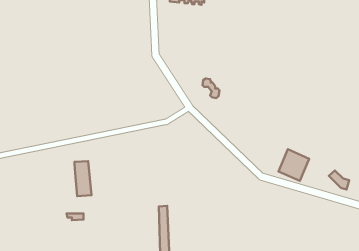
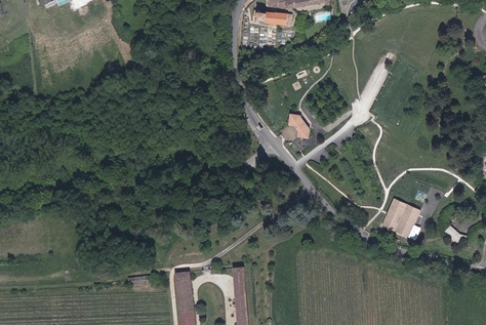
building: [74,161,92,196] -> [175,271,196,313]

